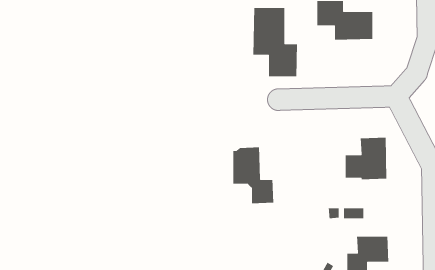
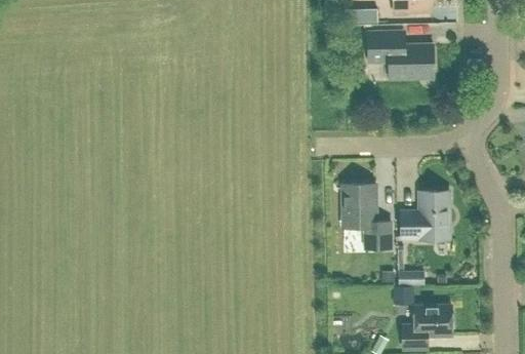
building: [252,7,298,77] -> none
building: [233,147,274,204] -> [344,183,392,249]

